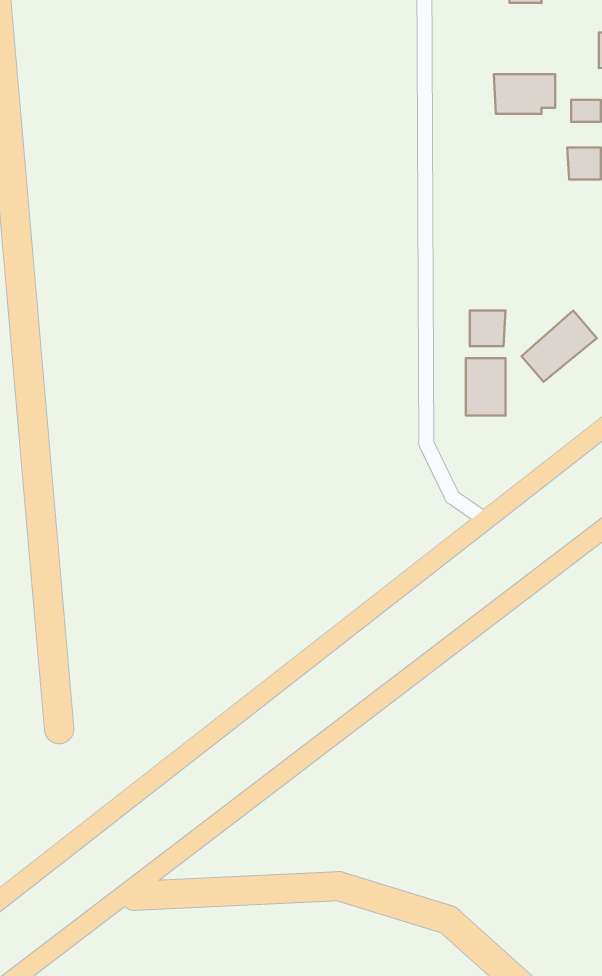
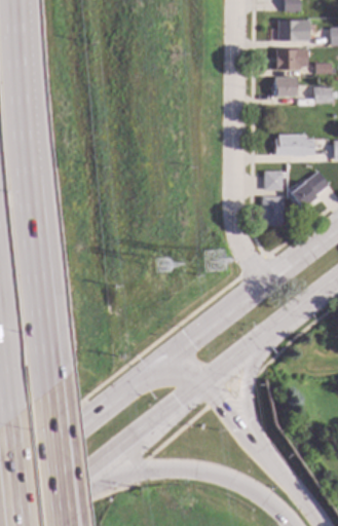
building: none -> [278,20,303,40]
building: none -> [275,76,297,96]
building: none -> [275,134,314,156]

